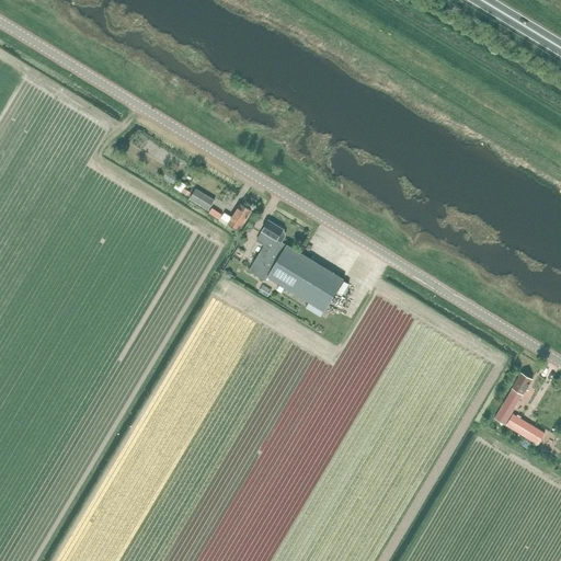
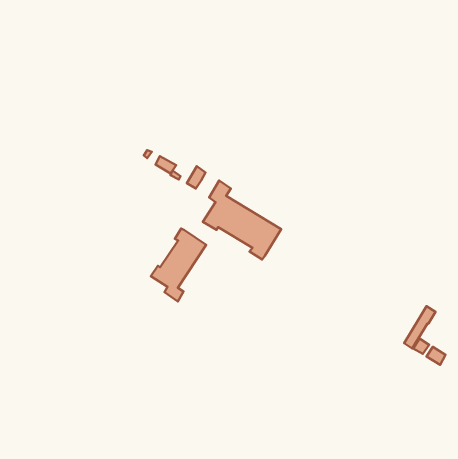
building: none -> [151,229,206,301]

